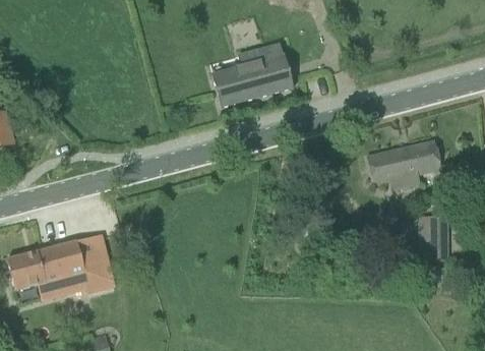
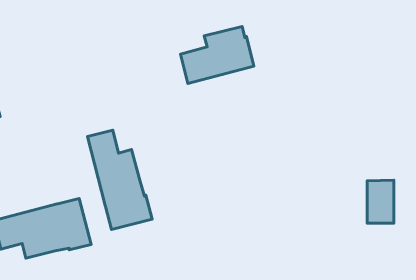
building: [366,140,441,189] -> none
building: none -> [87,130,152,230]

